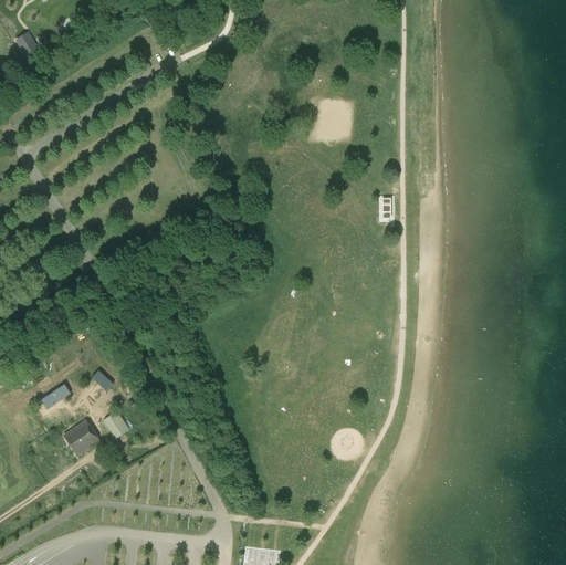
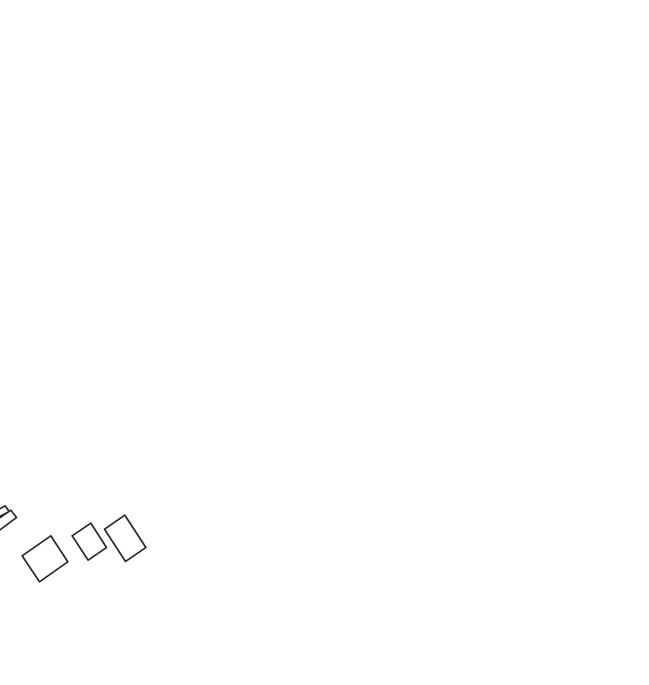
building: none -> [104,515,146,562]

